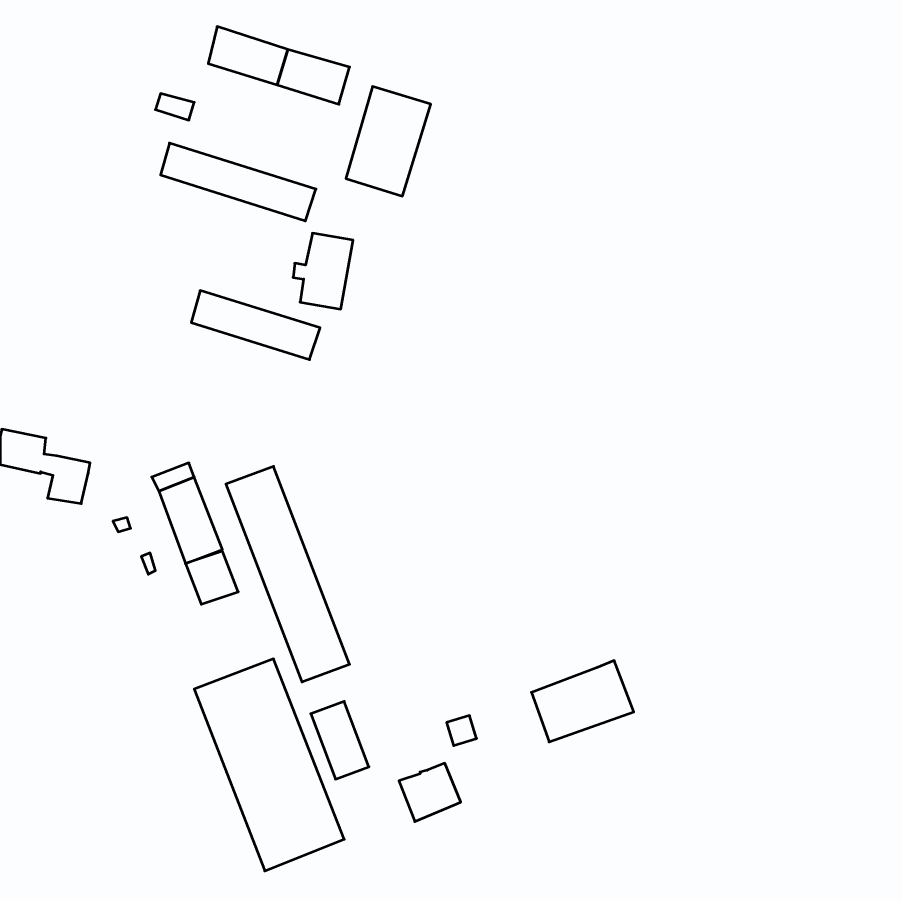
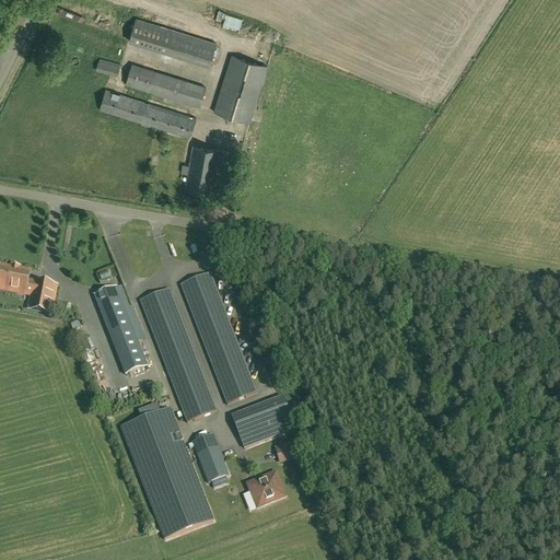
building: [191,291,320,360] -> [126,63,206,106]
building: none -> [180,272,257,405]
building: [531,661,634,742] -> [232,397,295,447]

